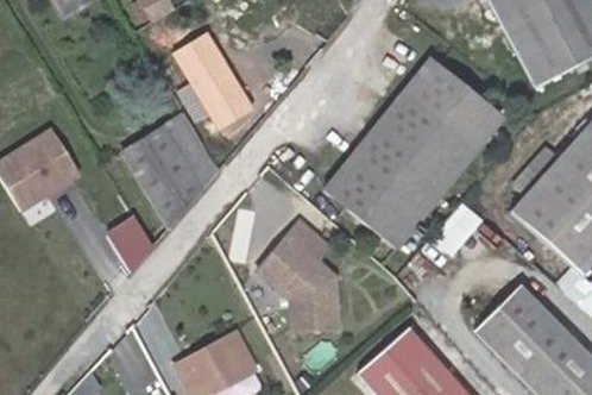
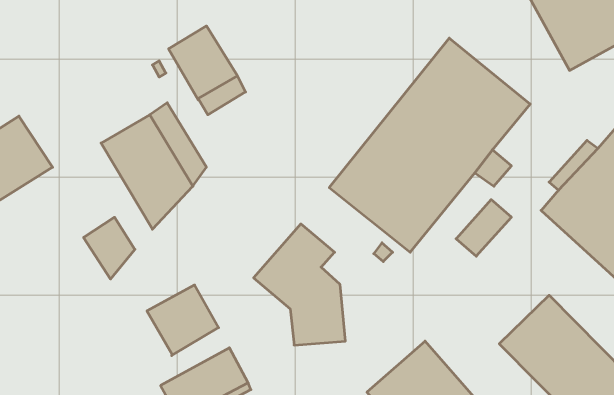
building: none -> [147,285,219,356]

